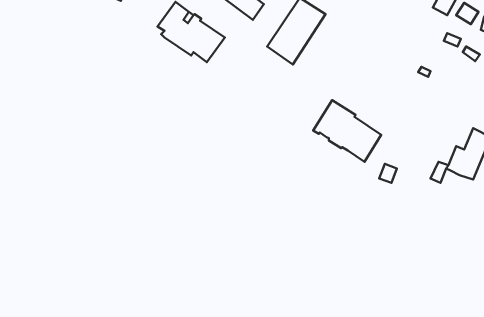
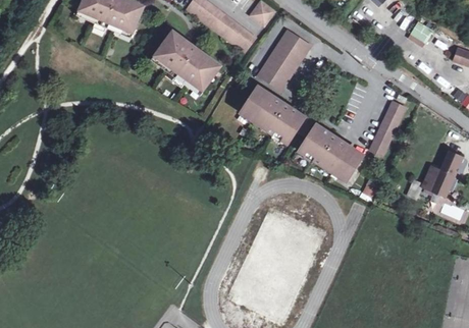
building: none -> [242,89,304,144]
building: none -> [369,101,407,157]

